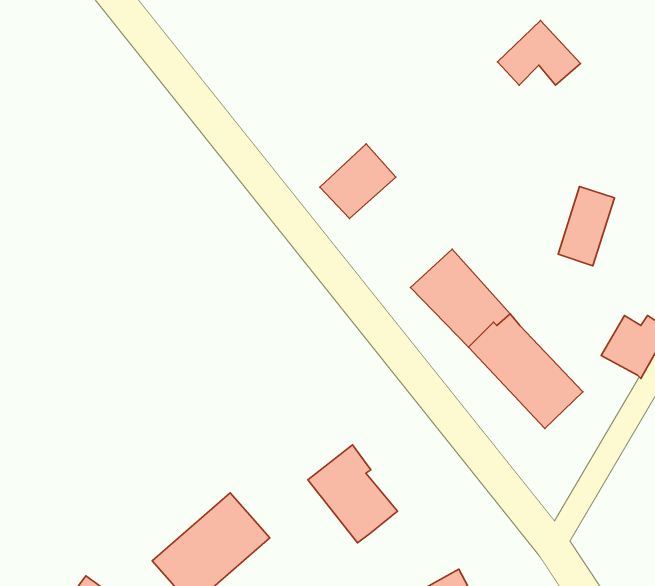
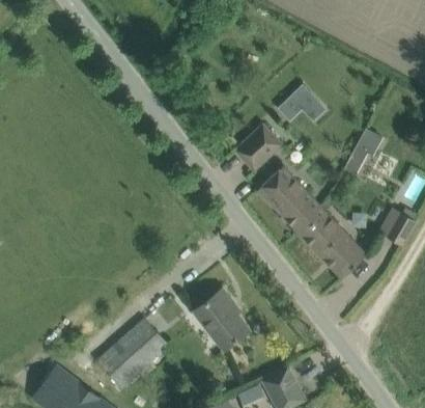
building: [498,20,580,85] -> [279,81,331,121]
building: [320,144,396,219] -> [234,124,282,170]

